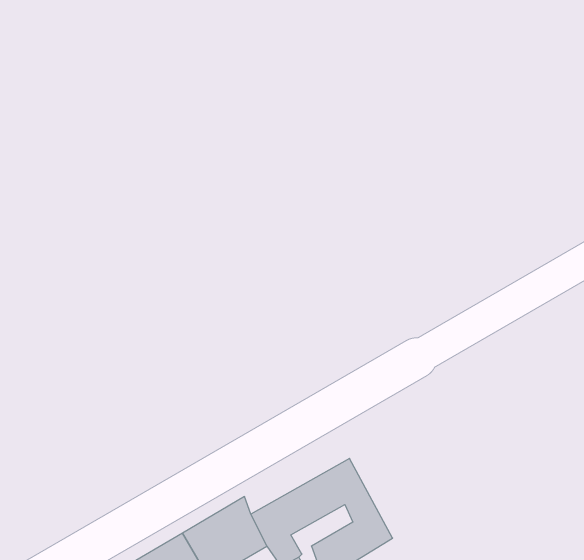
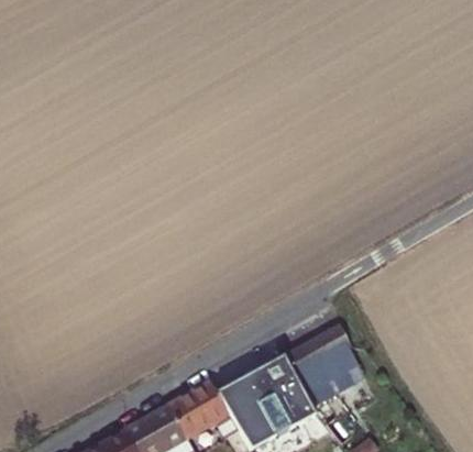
building: none -> [286,326,365,404]

